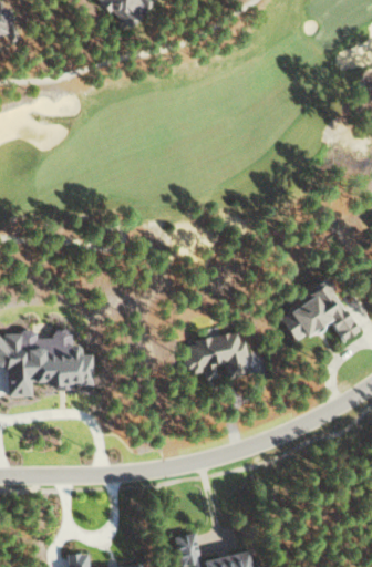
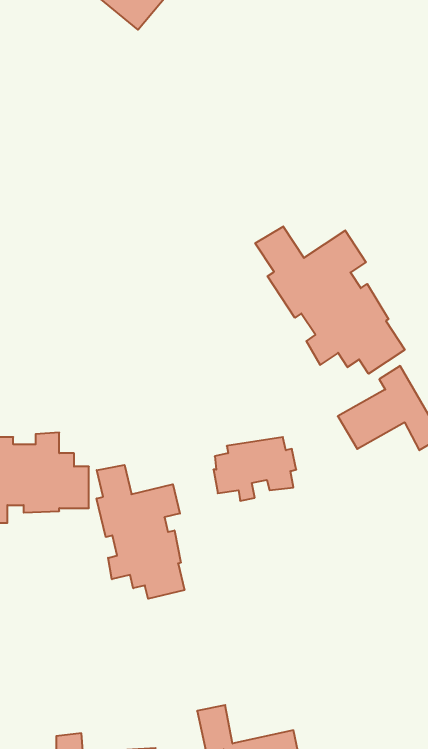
building: none -> [255,226,405,374]
building: none -> [97,465,184,599]

